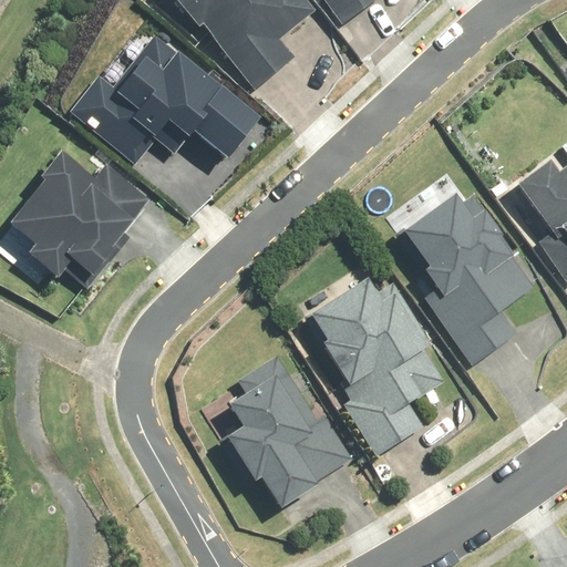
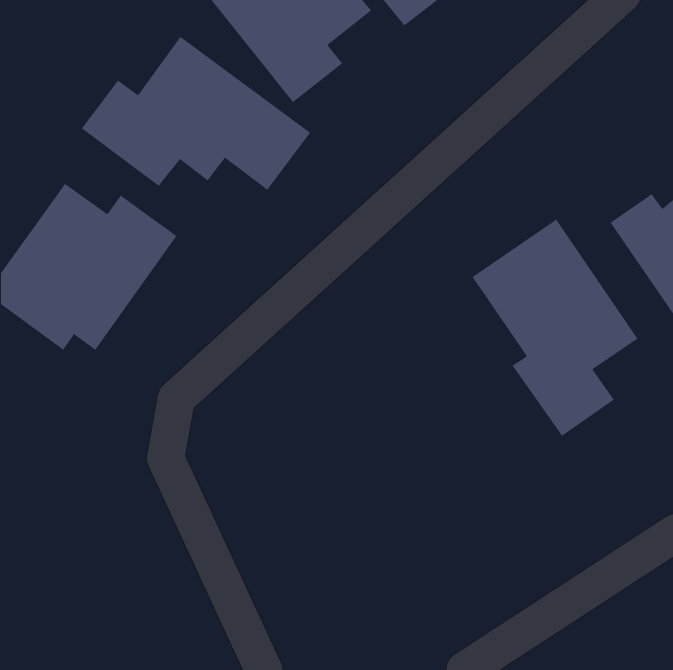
building: [308,272,447,457] -> none
building: [221,364,367,516] -> none

